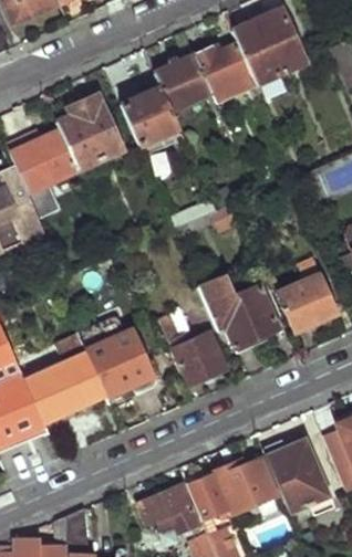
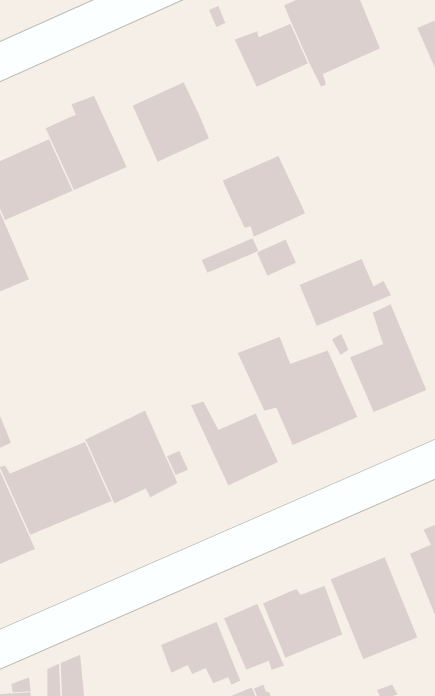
building: [153,55,215,116] -> [222,155,306,237]
building: none -> [299,258,392,327]

